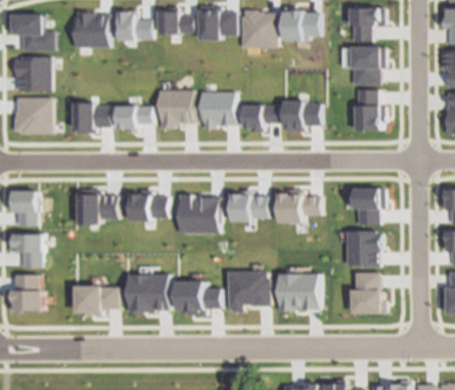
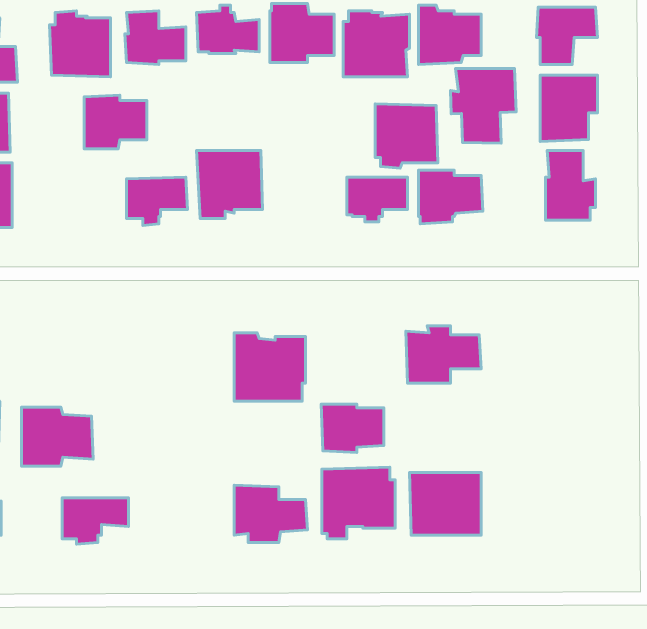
building: none -> [450,69,516,143]
building: [198,92,234,129] -> [375,104,438,168]
building: [73,102,108,133] -> [84,95,147,149]
building: [353,188,383,224] -> none
building: [77,190,118,224] -> [22,407,93,466]
building: [130,191,166,221] -> none
building: [229,194,265,222] -> [321,404,384,453]
building: [345,231,379,268] -> none
building: [352,273,382,314] -> none
building: [128,274,169,312] -> none

